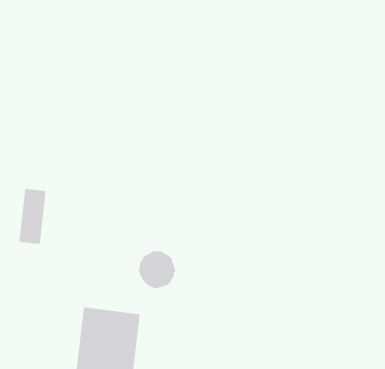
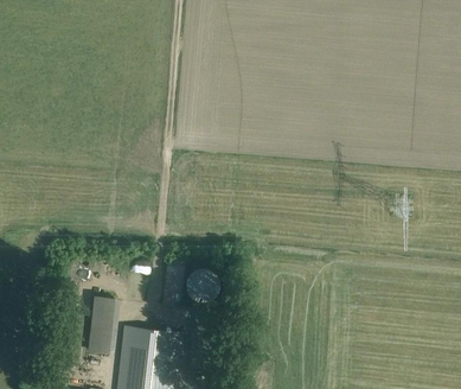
building: [18,189,46,245] -> [88,298,115,352]

